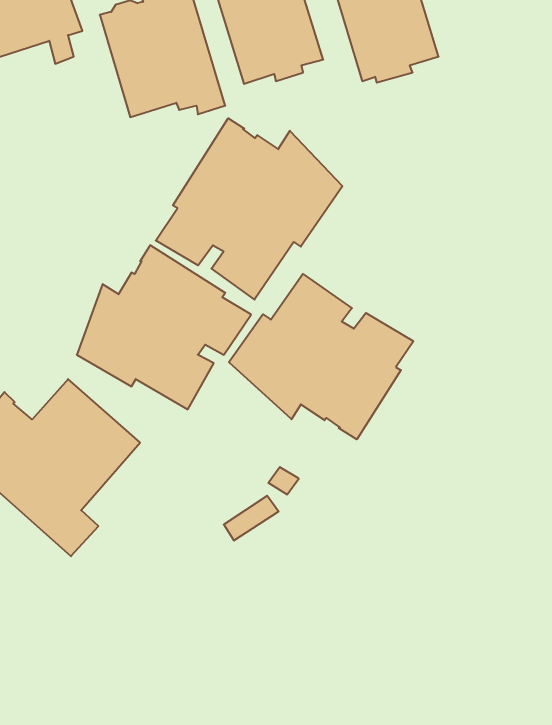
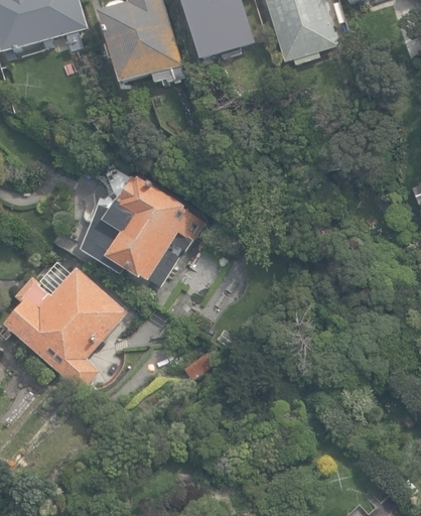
building: [156,118,342,300] -> none
building: [229,274,413,439] -> none

